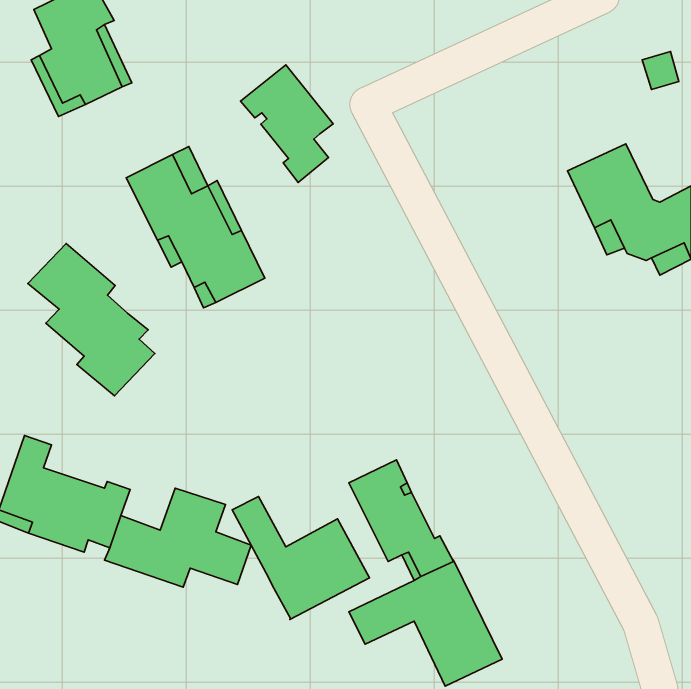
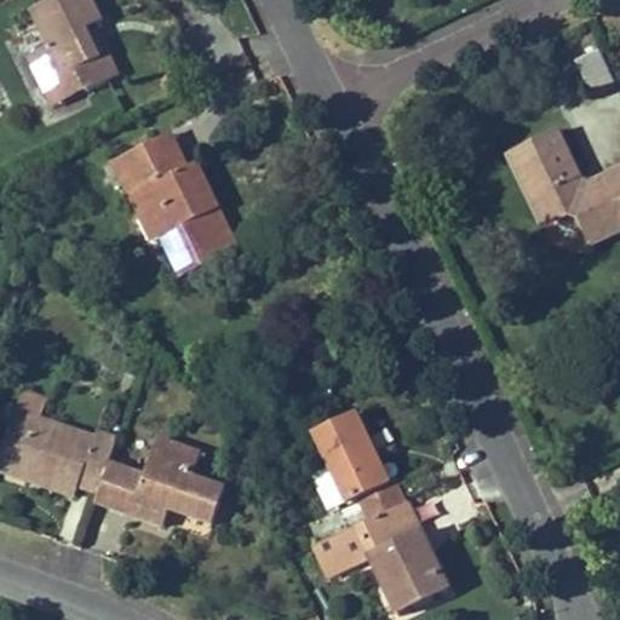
building: [241,65,333,183] -> none
building: [28,244,155,396] -> none
building: [232,496,369,620] -> none

